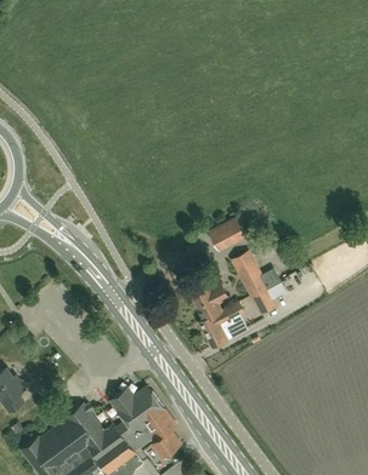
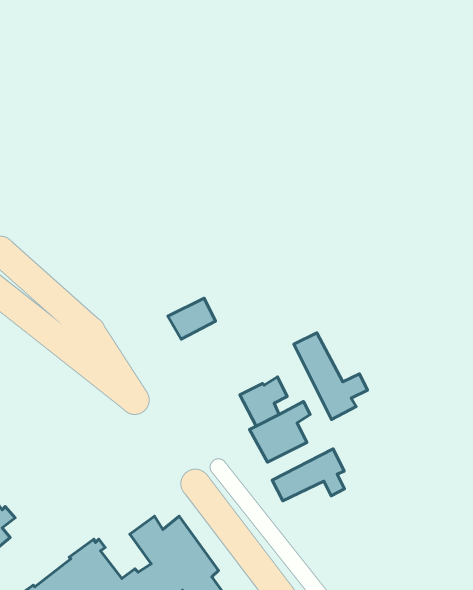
building: [209,219,244,250] -> [168,298,216,339]
building: none -> [272,449,345,501]

